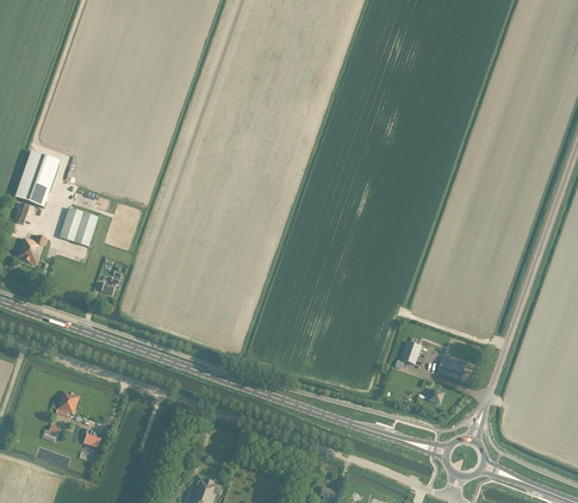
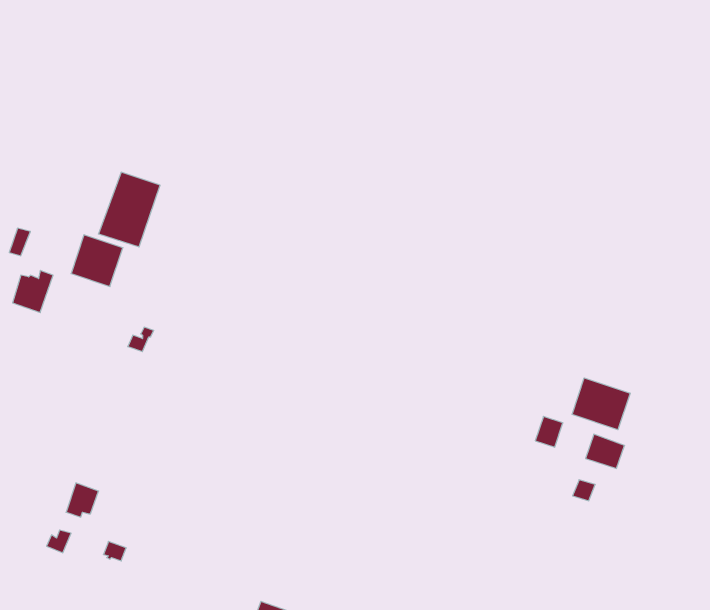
building: [13,151,58,206] -> [98,172,160,247]
building: none -> [572,378,630,430]

